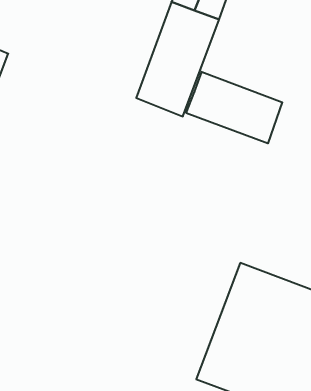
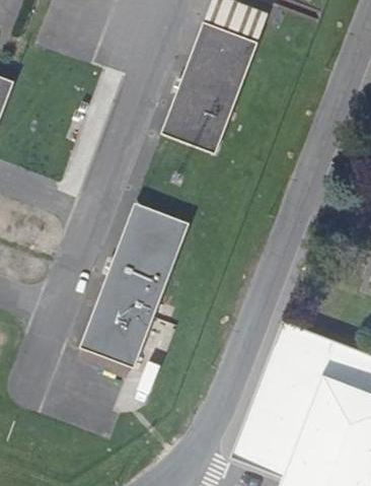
building: [186,72,282,143] -> none
building: none -> [80,203,189,367]

